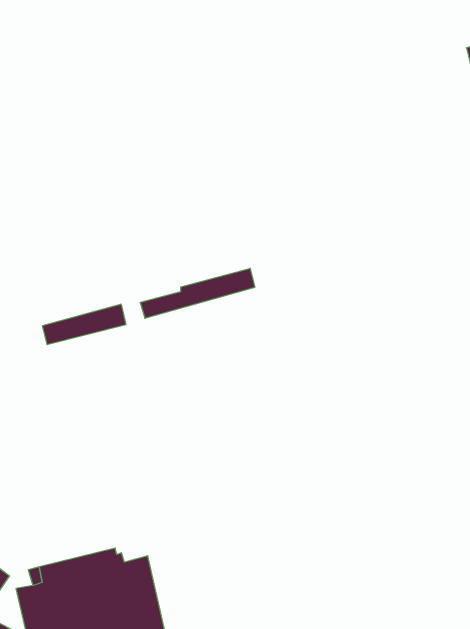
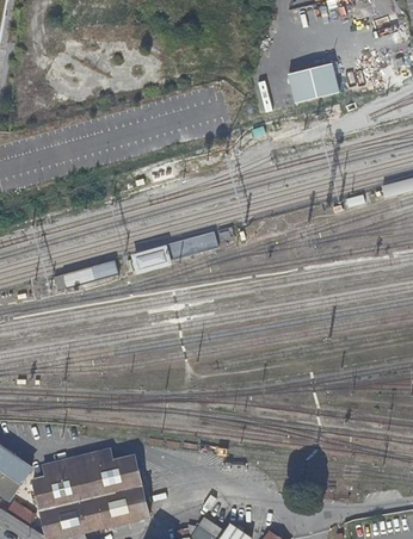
building: none -> [288,64,338,104]

